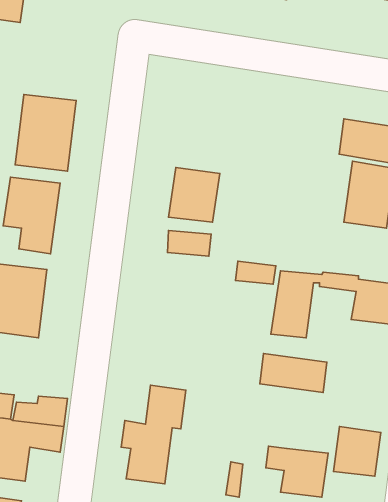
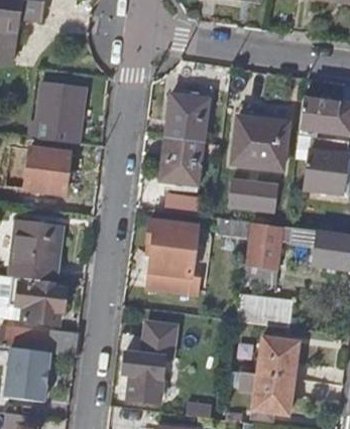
building: none -> [167,96,210,145]
building: none -> [235,118,290,169]
building: none -> [225,177,274,211]
building: none -> [146,218,200,295]
building: none -> [26,283,69,321]
building: [333,426,381,476] -> [259,335,299,377]

